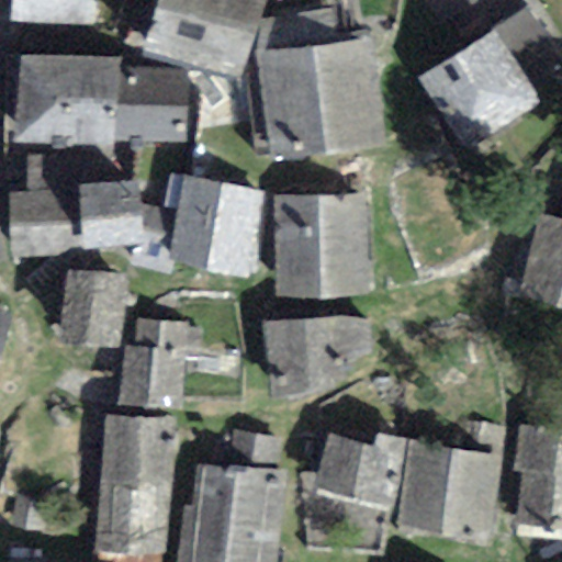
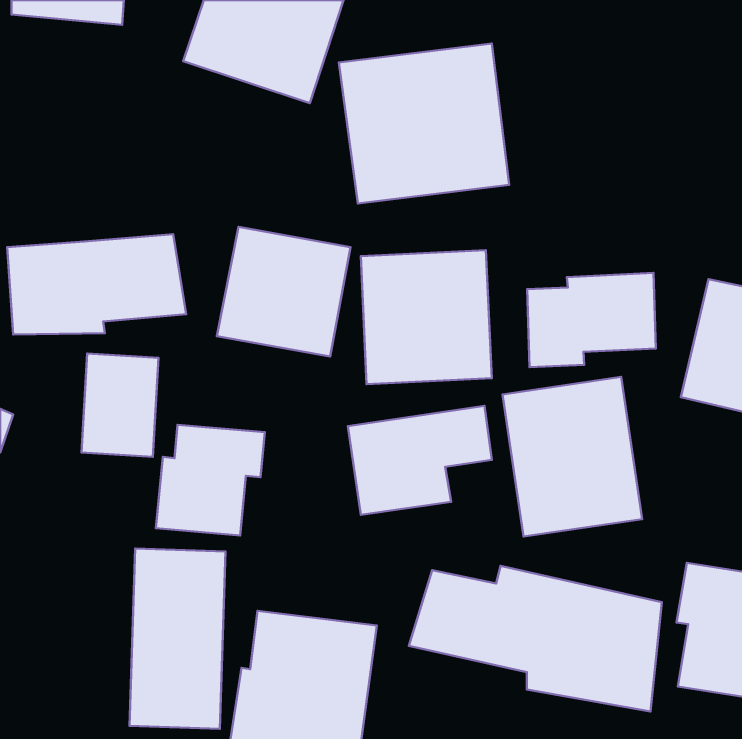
building: [417,23,540,143] -> none
building: [11,49,188,146] -> none
building: none -> [527,273,656,367]
building: none -> [502,377,642,537]

